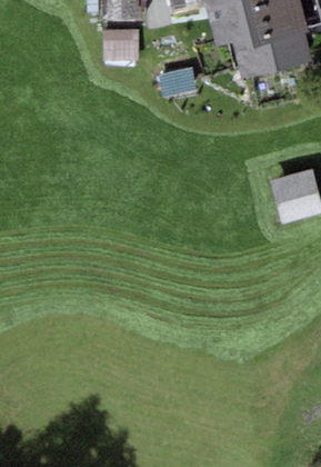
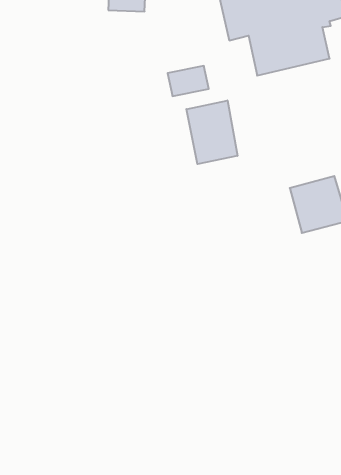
building: [101,29,139,60] -> none
building: none -> [186,100,237,164]

